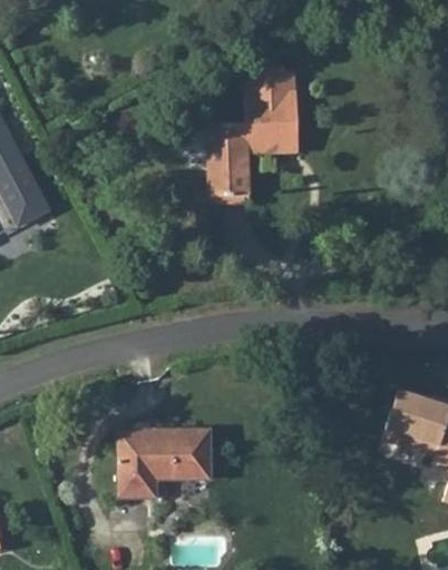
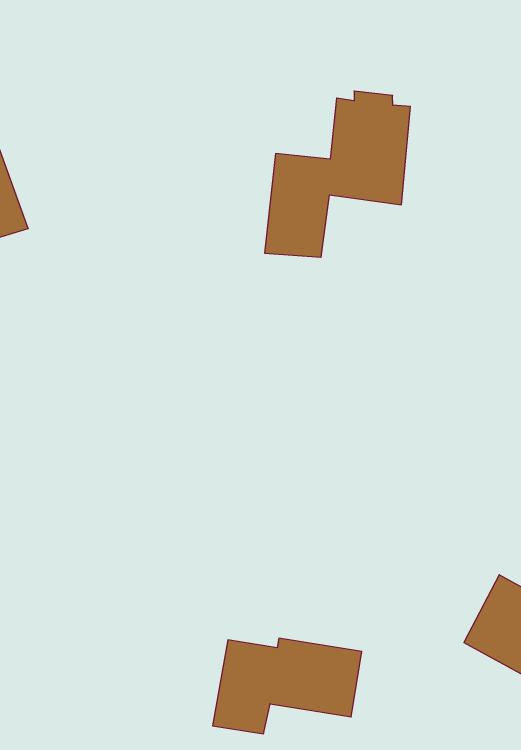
building: [118,433,212,500] -> [213,638,362,734]

